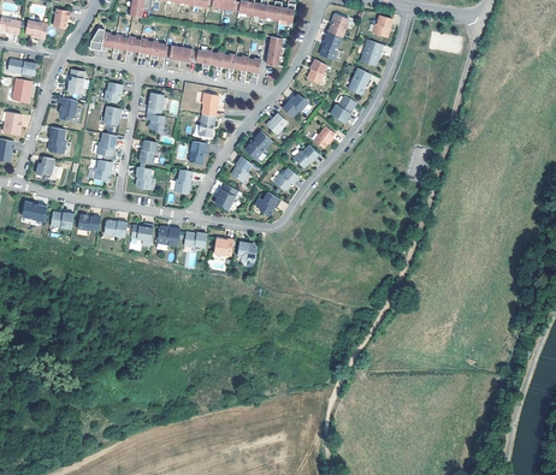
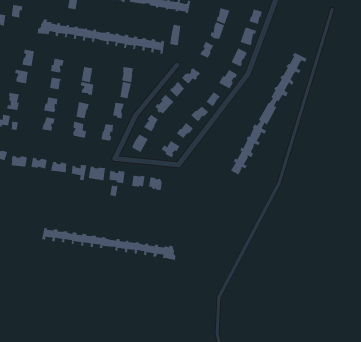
building: none -> [230,52,308,175]
building: none -> [41,227,177,261]

